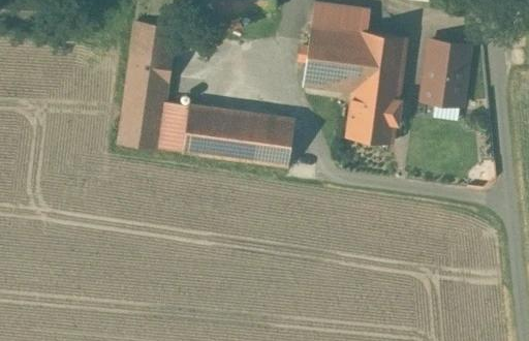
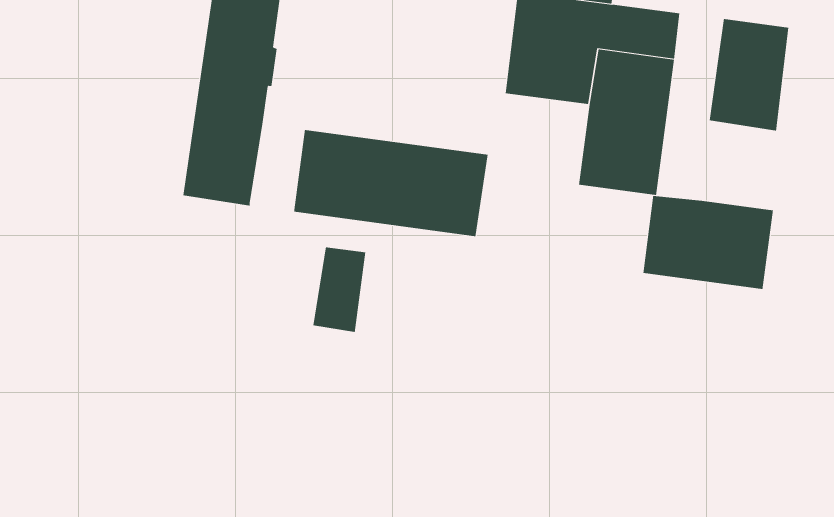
building: [157,101,188,151] -> [313,247,366,333]
building: none -> [643,195,773,290]

